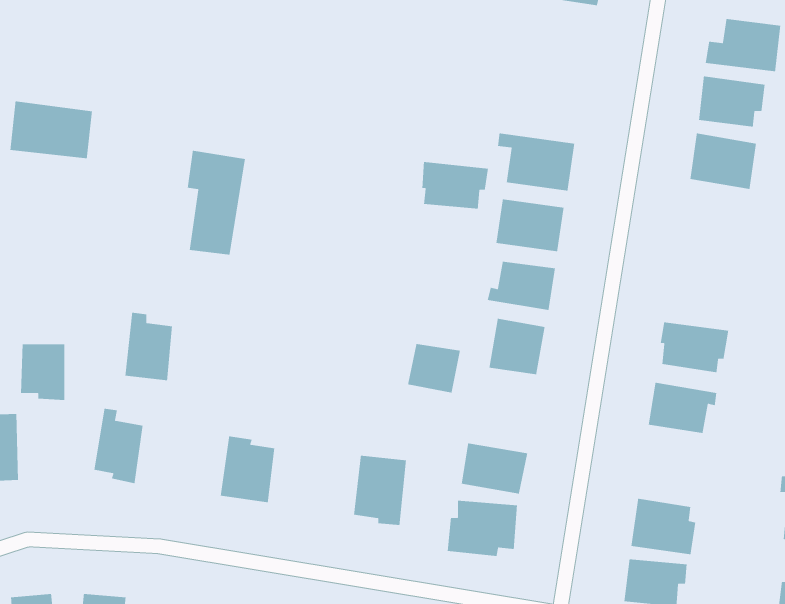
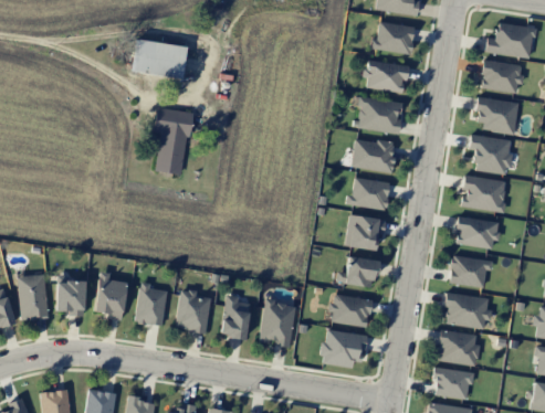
building: none -> [371,21,416,54]
building: [10,100,93,159] -> [134,40,187,77]
building: [421,161,489,210] -> [366,61,409,92]
building: none -> [469,135,513,174]
building: none -> [461,176,506,212]
building: [124,312,173,381] -> [136,282,167,326]
building: [407,343,461,393] -> [344,256,378,288]
building: [20,344,65,401] -> [56,279,85,316]
building: none -> [444,293,492,329]
building: none -> [222,295,250,338]

